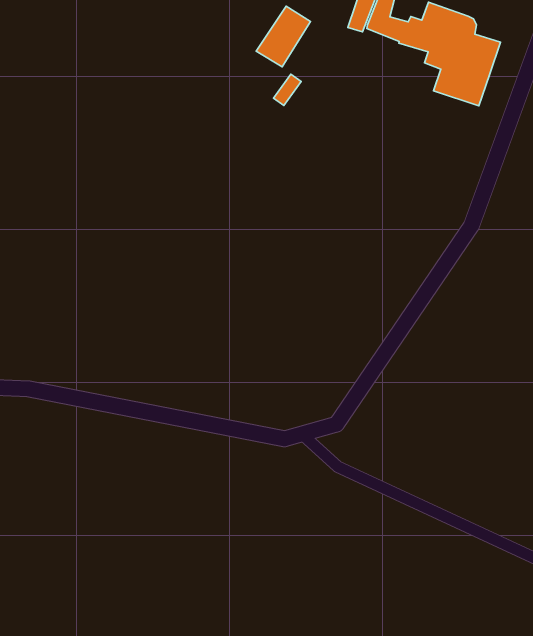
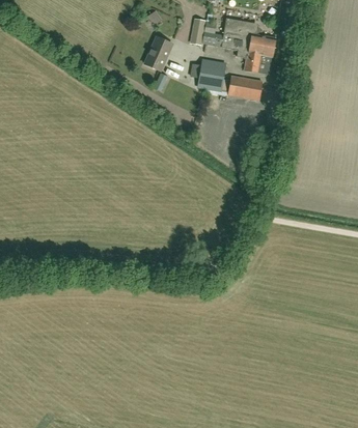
building: none -> [191,59,225,90]
building: none -> [227,75,263,98]

